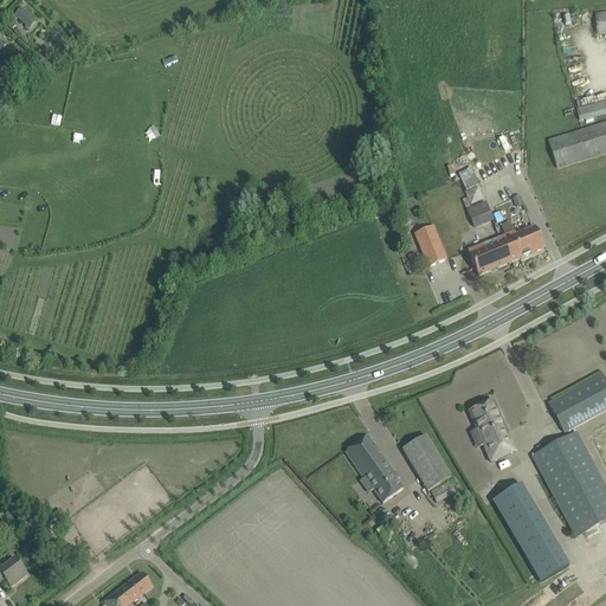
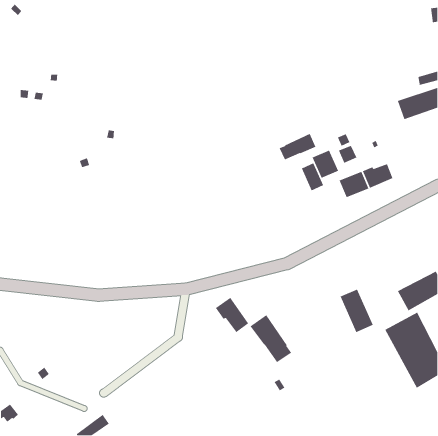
building: none -> [278,133,316,160]
building: none -> [312,150,339,179]
building: none -> [215,297,249,333]
building: [402,433,451,489] -> none
building: [492,482,569,580] -> none

